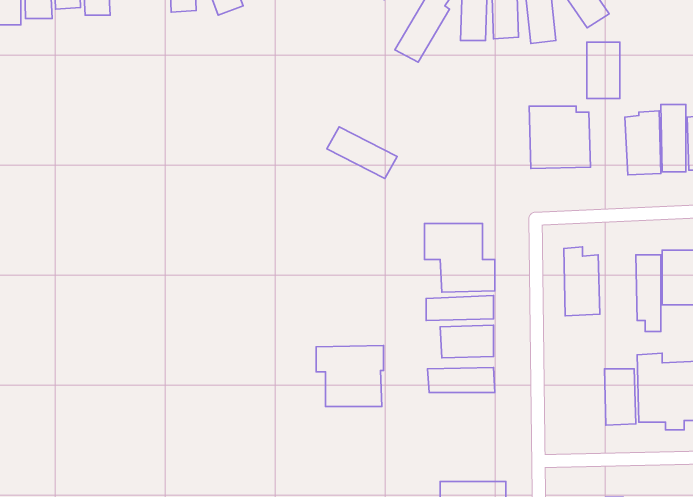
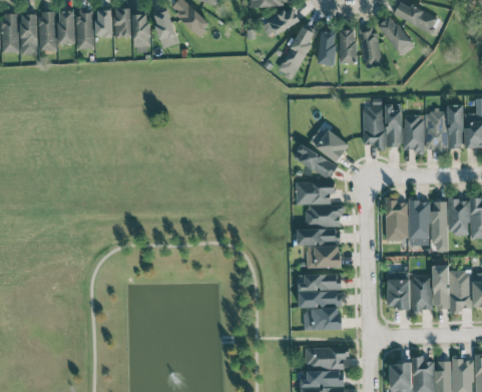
building: [587,42,620,98] -> [403,115,424,151]
building: [327,127,397,179] -> [293,145,338,178]
building: none -> [309,126,349,160]
building: none -> [408,197,429,245]
building: [316,345,383,406] -> [299,291,342,330]
building: none -> [388,271,410,309]

